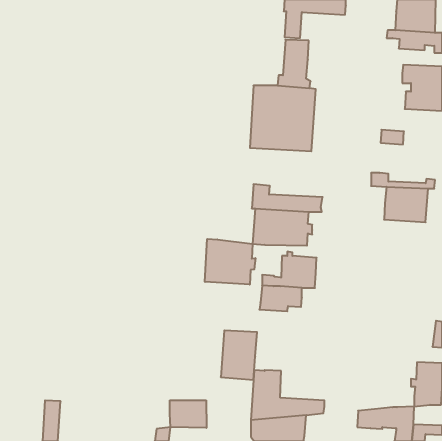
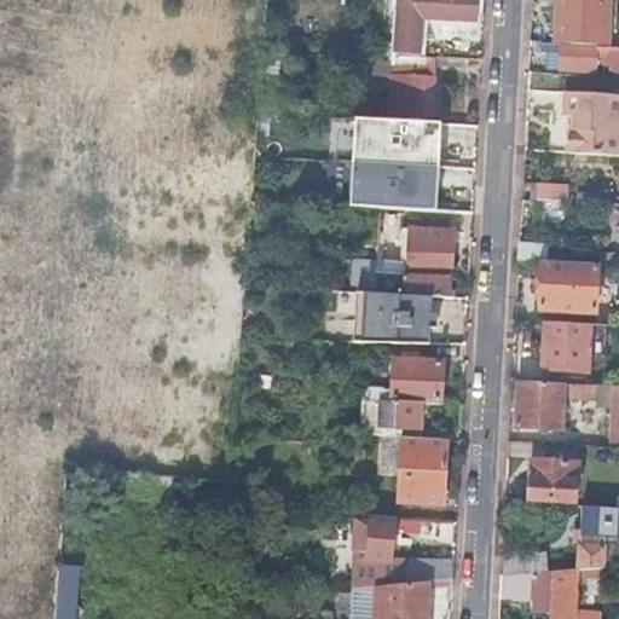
building: none -> [376,227,452,276]
building: none -> [543,320,590,371]
building: [205,239,255,285] -> none
building: none -> [515,380,600,428]
building: none -> [528,449,578,502]
building: [221,330,257,380] -> [398,435,449,504]
building: [170,400,206,428] -> none

